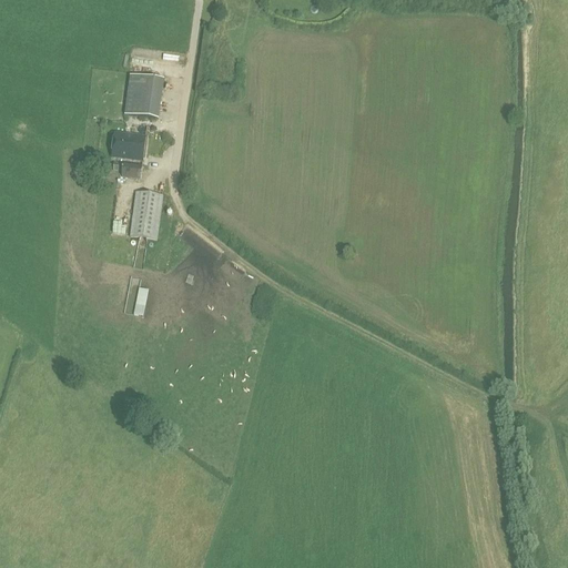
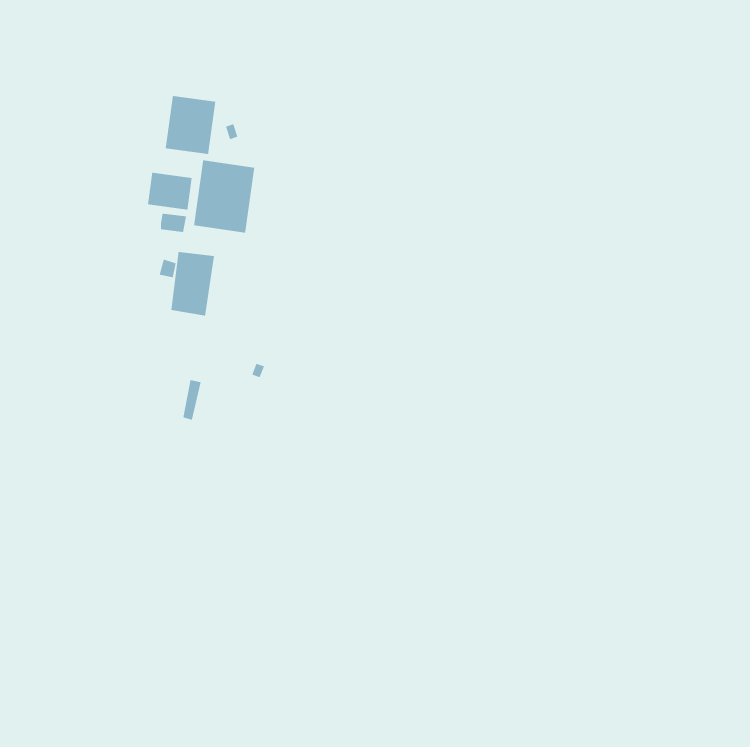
building: none -> [193,160,255,233]

